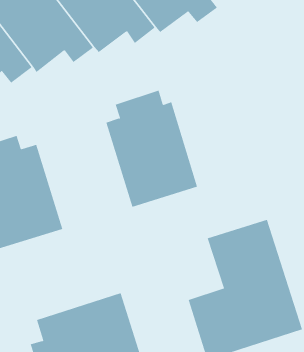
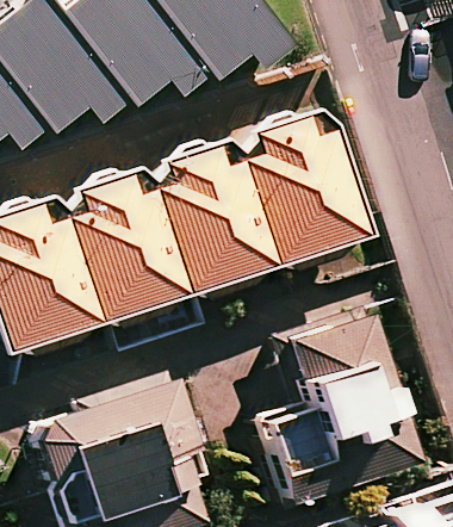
building: none -> [237,119,361,271]
building: none -> [60,175,185,327]

